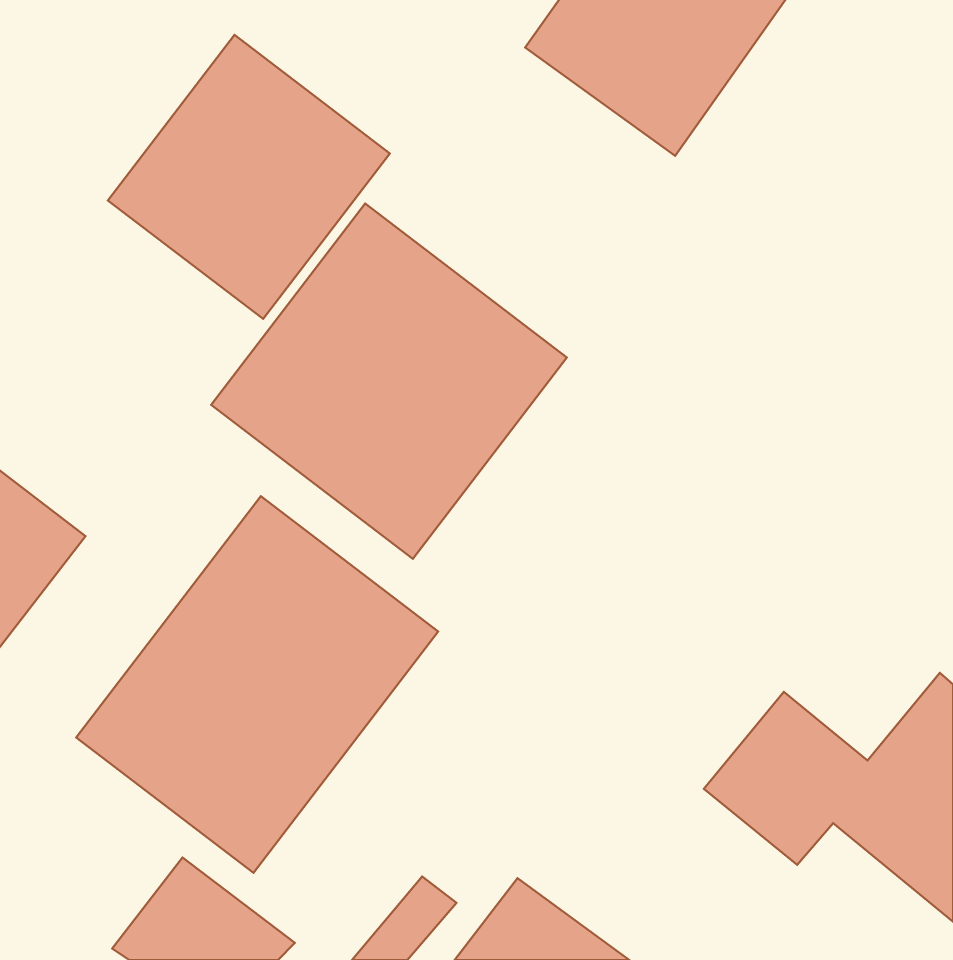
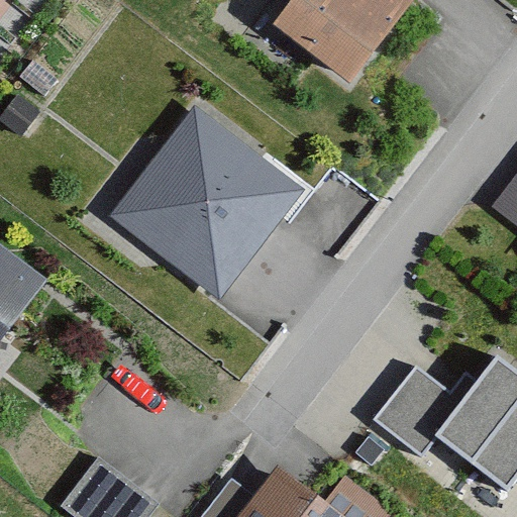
building: [108,35,390,319] -> none
building: [76,496,438,873] -> none

